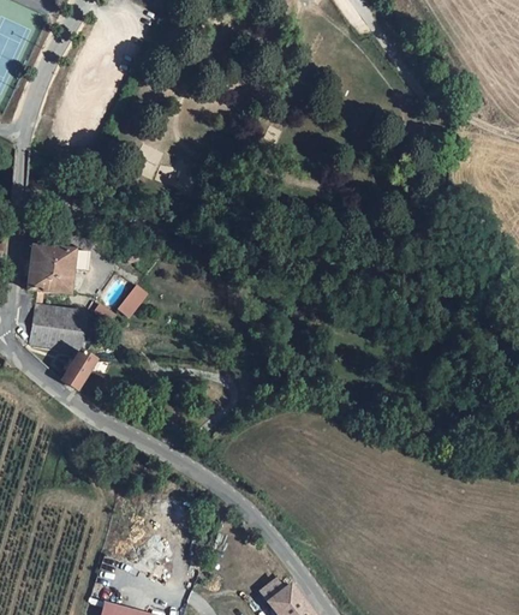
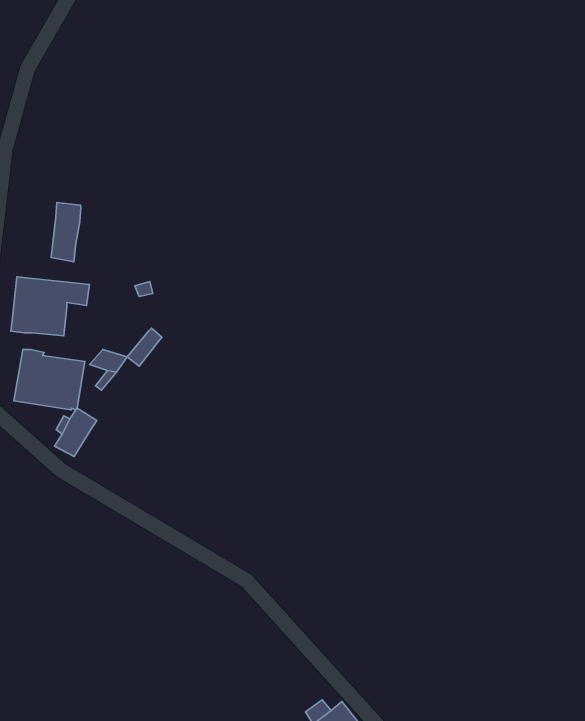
building: none -> [51,202,81,262]

